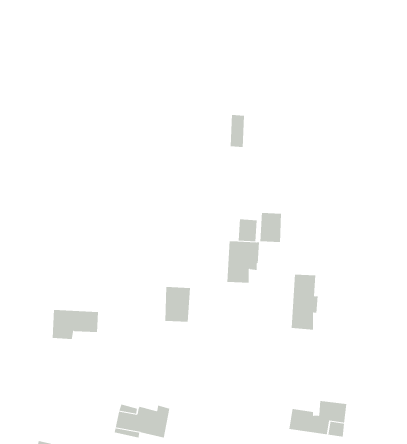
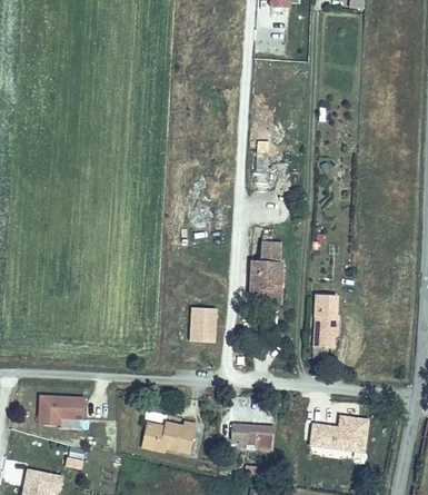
building: [260,212,281,243] -> none
building: [52,310,99,339] -> [39,396,84,425]
building: none -> [231,424,275,453]

